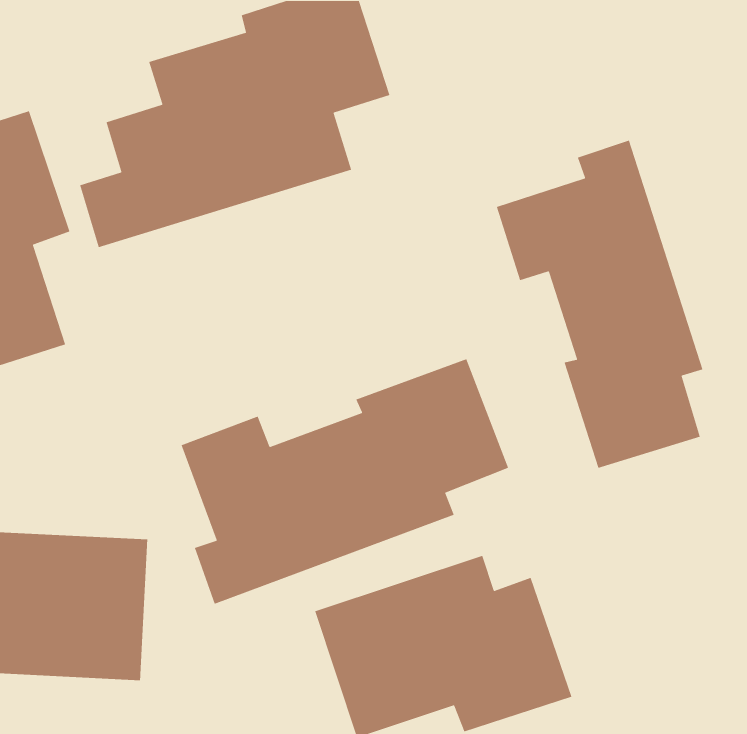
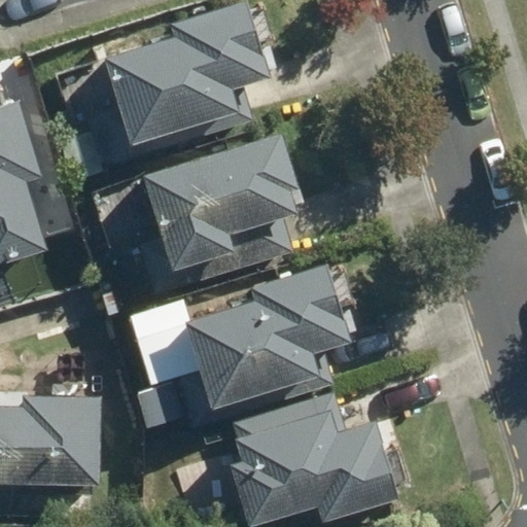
building: [496,140,703,469] -> none
building: none -> [100,129,307,308]

